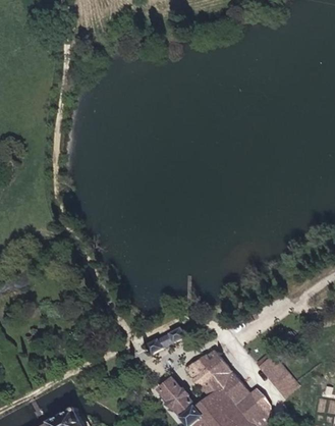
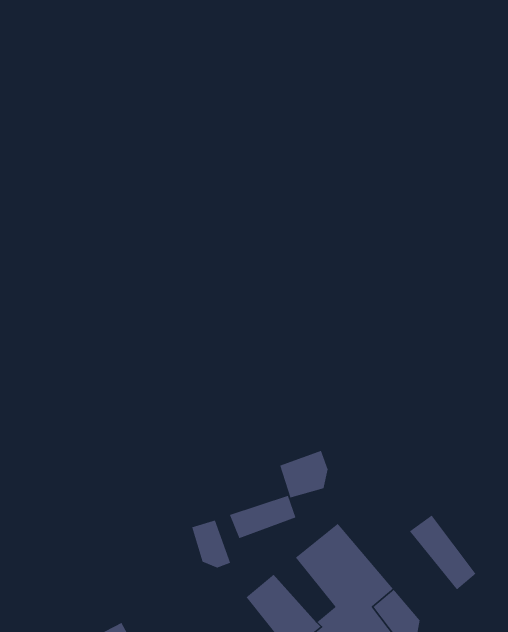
building: none -> [279,450,329,498]
building: none -> [191,520,231,568]

